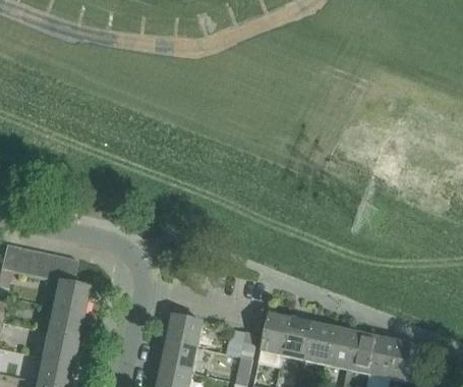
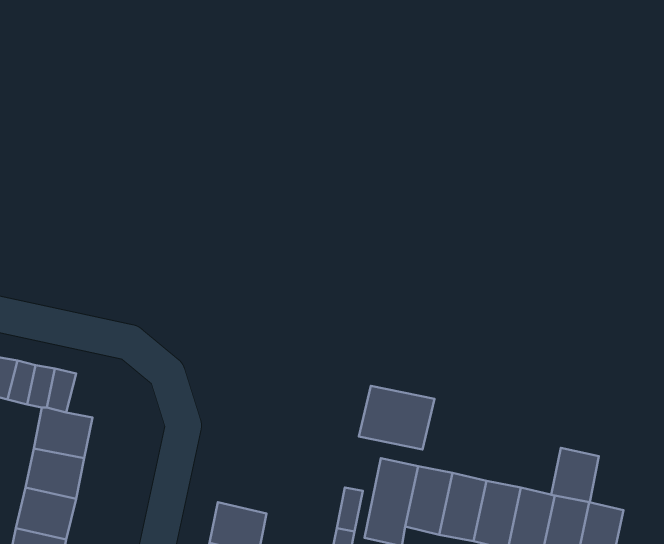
building: none -> [359,386,435,450]
building: none -> [551,448,599,502]
building: [166,314,202,346] -> none

